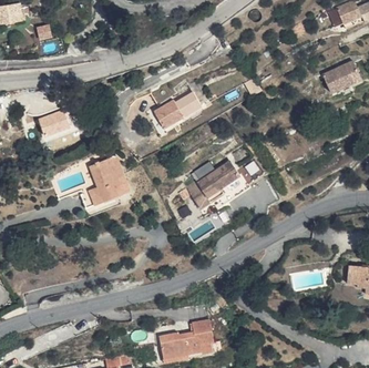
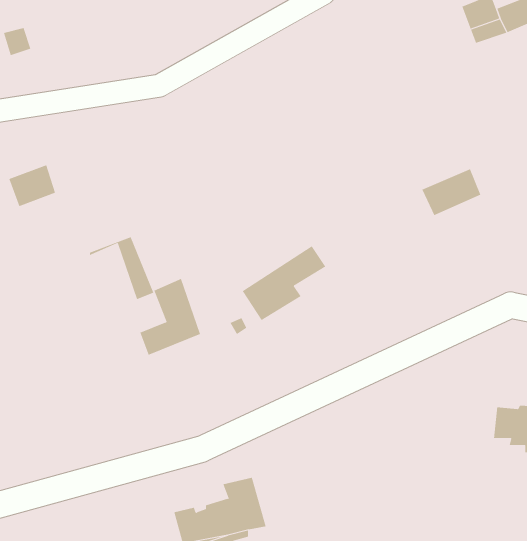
building: [325,62,362,92] -> [421,169,481,216]
building: [156,92,203,127] -> none
building: [82,160,121,208] -> [139,278,201,355]

